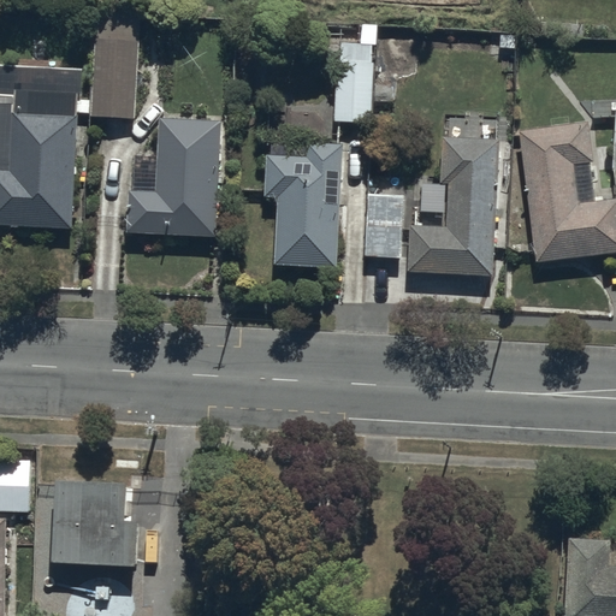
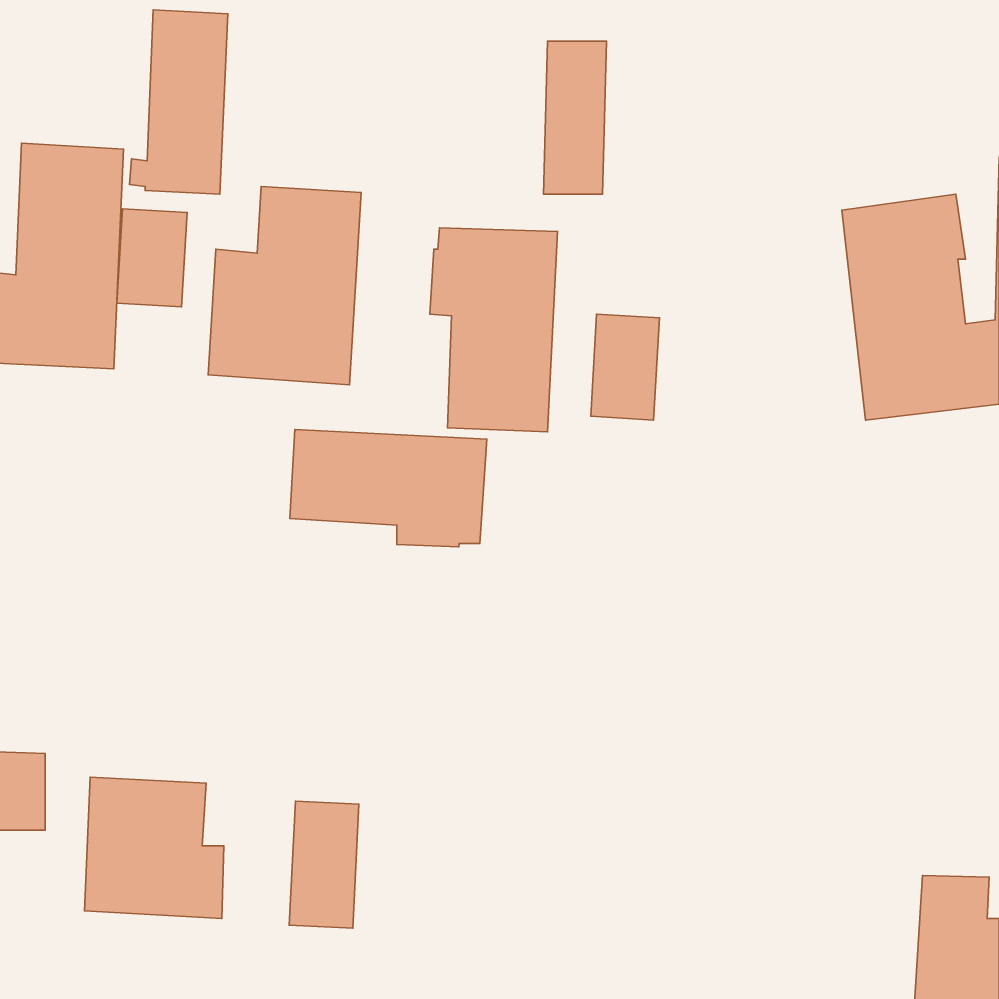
building: none -> [117,209,187,307]
building: [407,137,498,277] -> none
building: none -> [290,430,487,547]
building: none -> [289,801,359,928]

